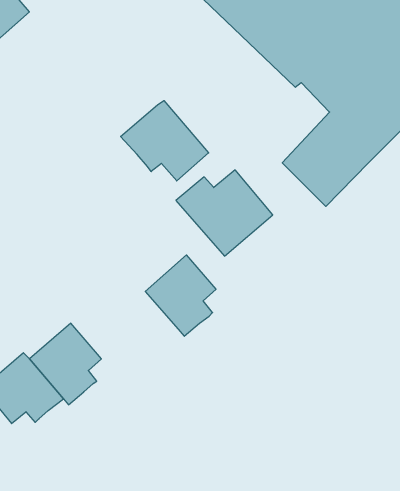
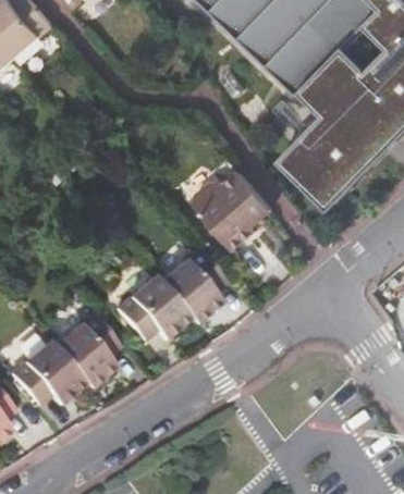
building: [121,101,209,181] -> none
building: none -> [115,275,189,341]

